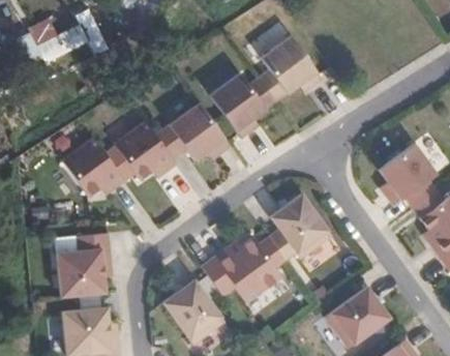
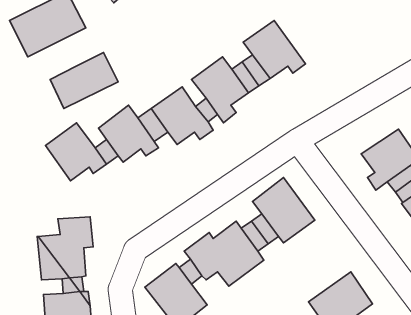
building: none -> [50,52,118,109]

